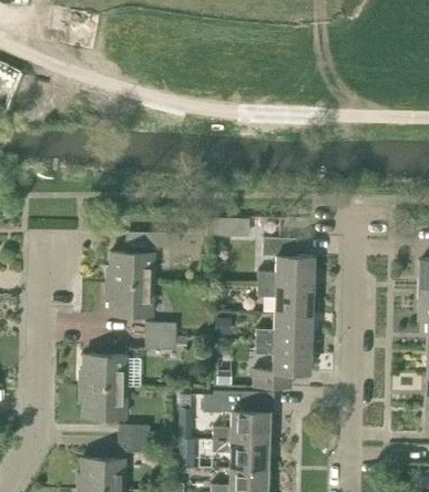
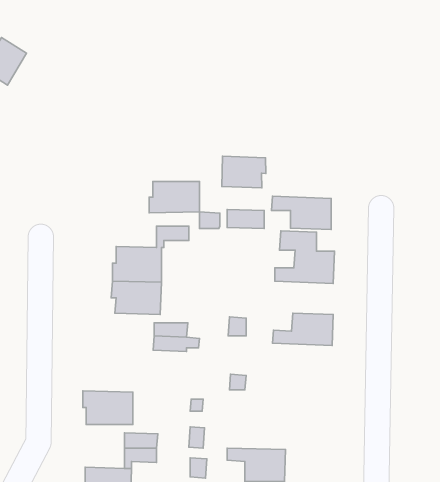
building: none -> [222,156,266,188]
building: none -> [149,181,200,213]
building: [257,285,313,316] -> [271,196,331,230]
building: [254,342,311,389] -> none
building: [80,356,141,388] -> none
building: [214,392,269,441] -> none

